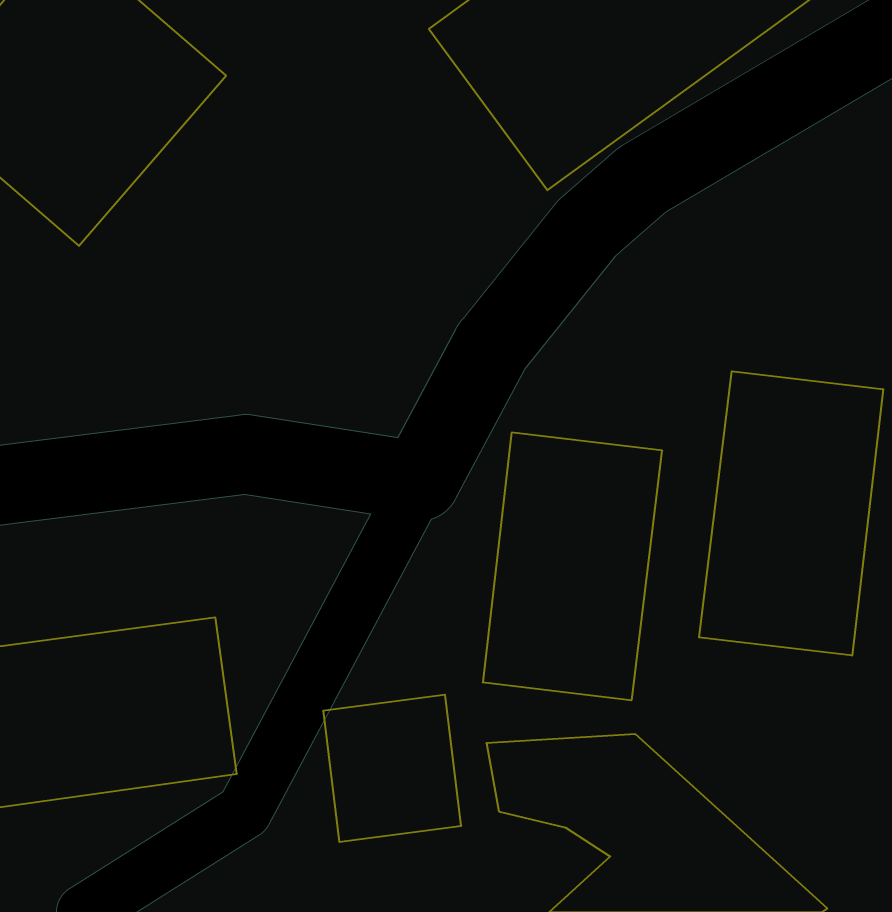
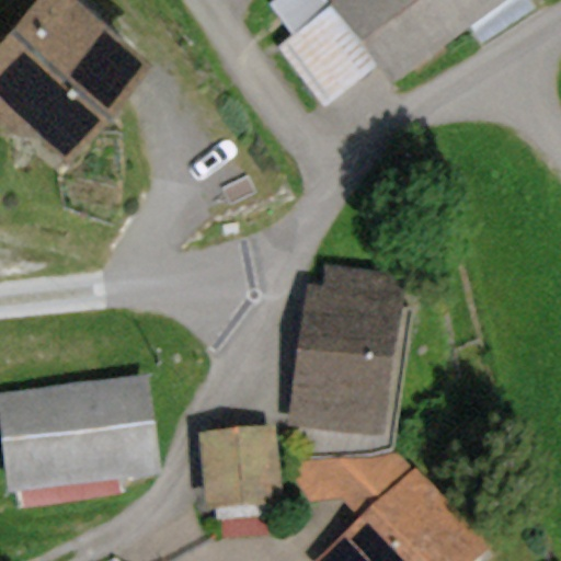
building: [699,371,883,656] -> none

